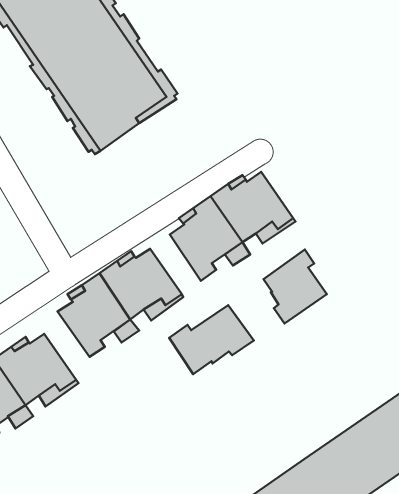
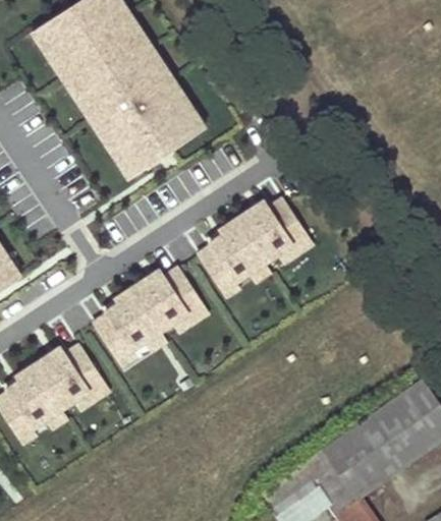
building: [263,250,327,324] -> none
building: [169,305,254,374] -> none

